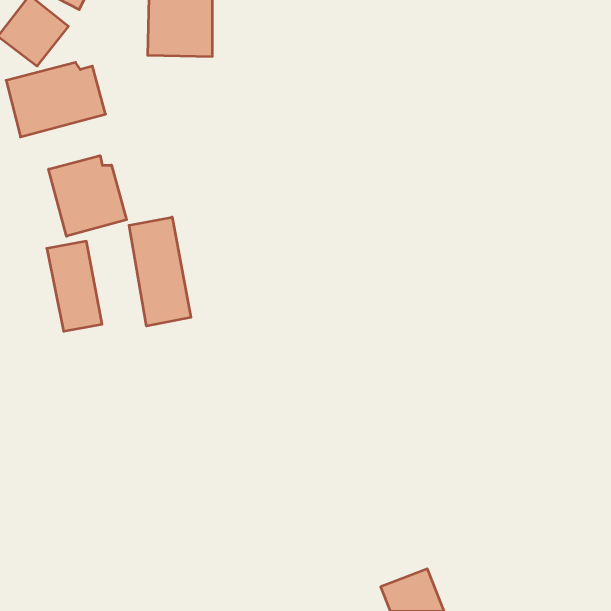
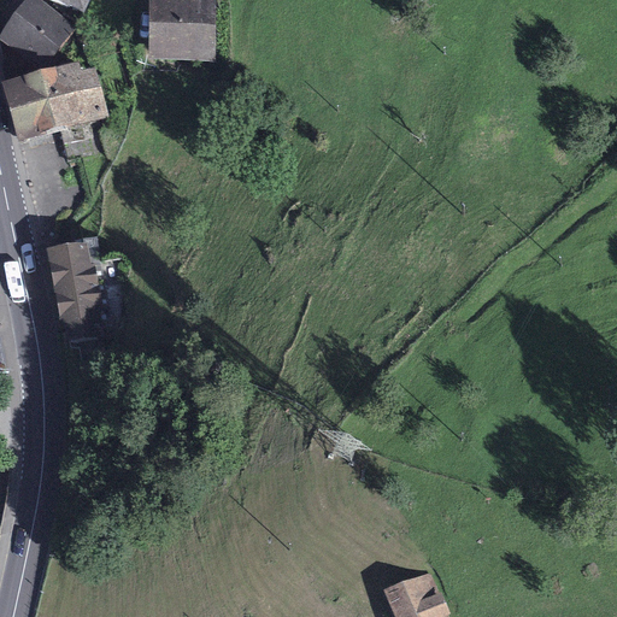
building: [49,156,127,236] -> none
building: [129,217,191,326] -> none

